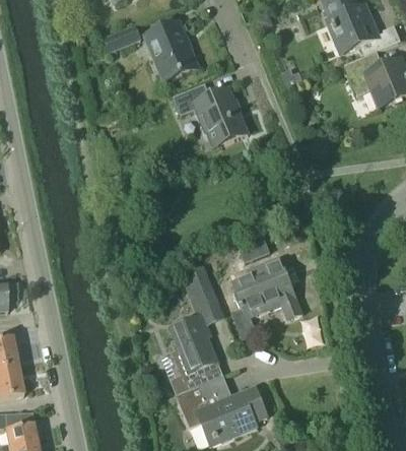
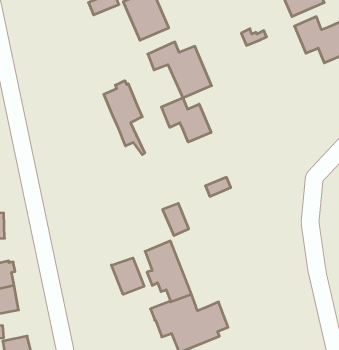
building: none -> [104,81,145,155]
building: none -> [161,98,211,142]
building: [231,256,301,338] -> none
building: none -> [111,258,144,294]

